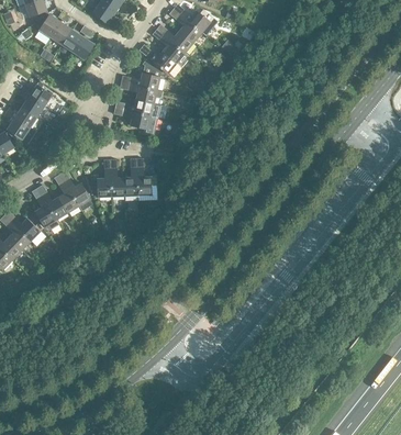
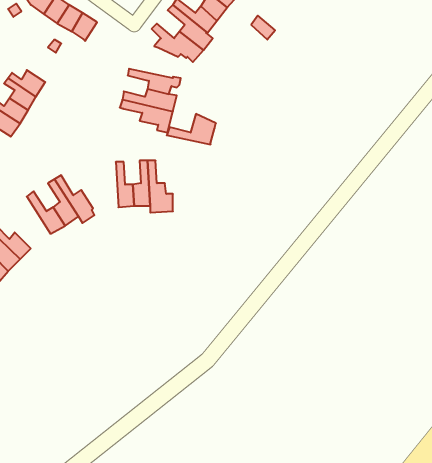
building: [121,65,161,90] -> [167,114,216,144]
building: [92,159,112,197] -> none
building: [31,188,59,230] -> none

